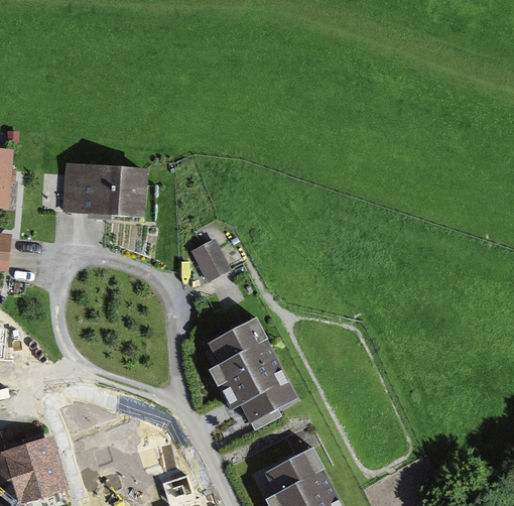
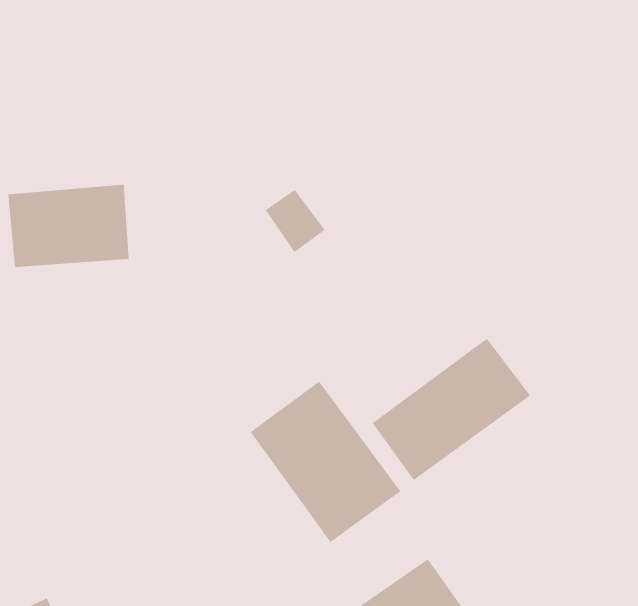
building: [190,236,229,278] -> [265,189,326,253]
building: none -> [372,338,531,481]

